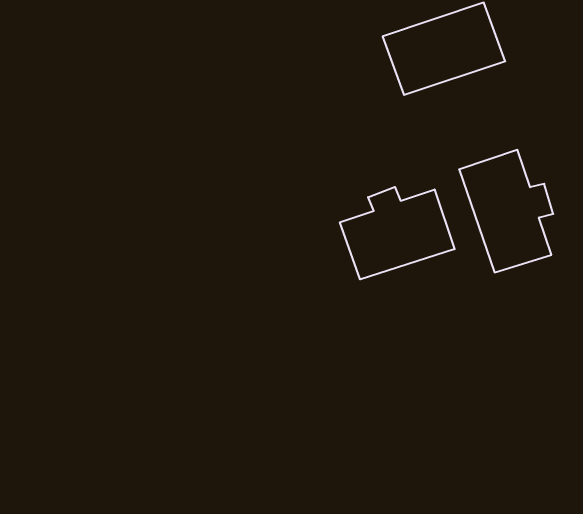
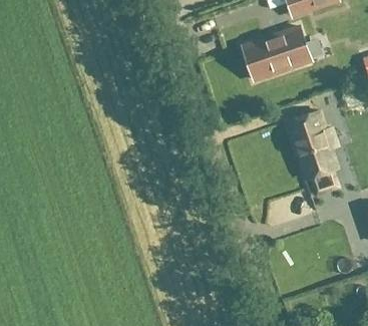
building: [340,187,455,279] -> none

